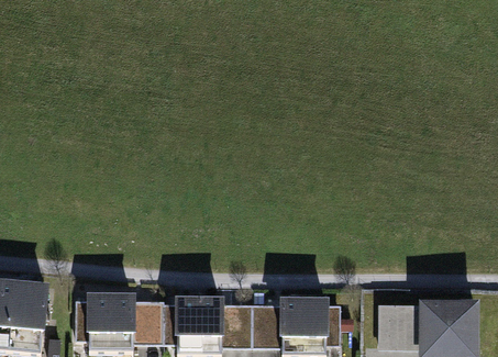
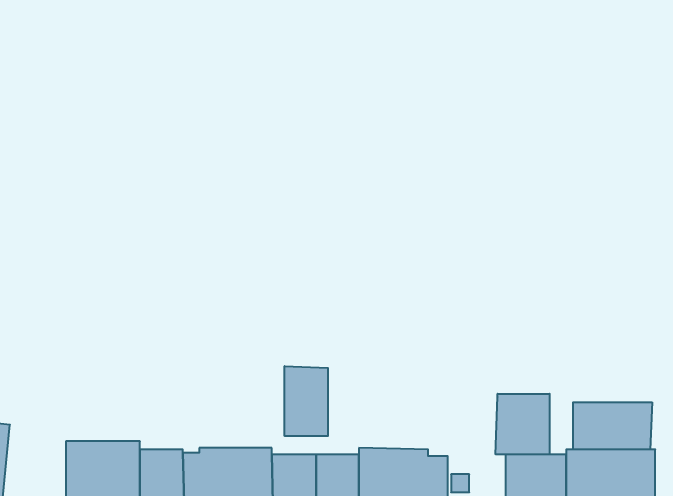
building: none -> [285,366,328,436]
building: none -> [496,394,550,454]
building: none -> [573,402,652,449]

